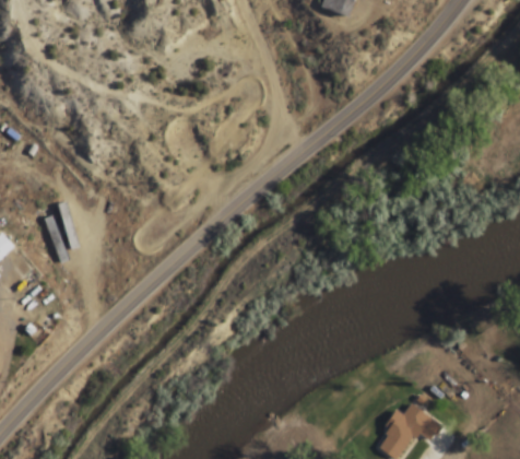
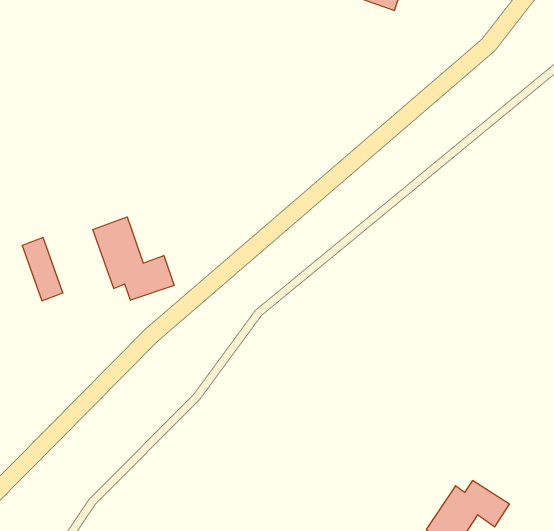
building: none -> [93,217,174,300]

